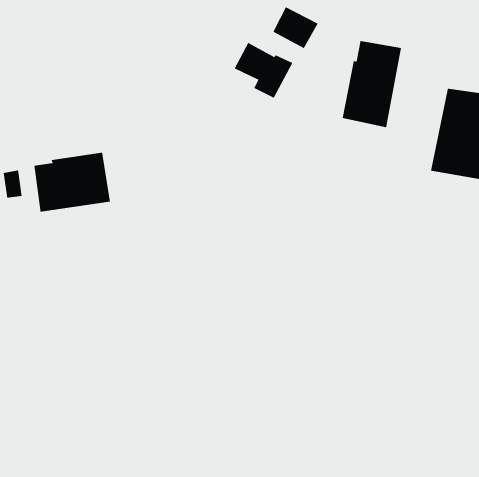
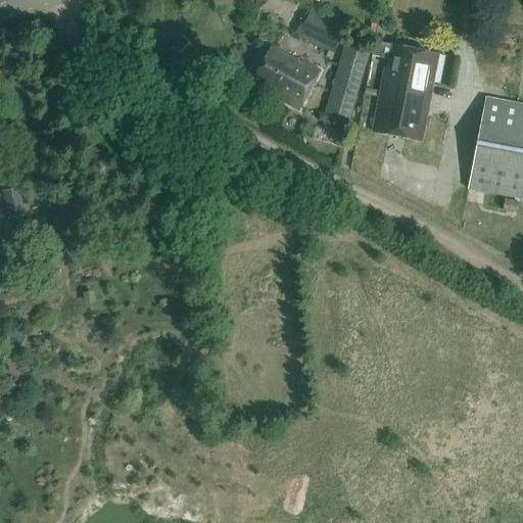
building: none -> [323,44,368,129]
building: [34,152,110,212] -> none

